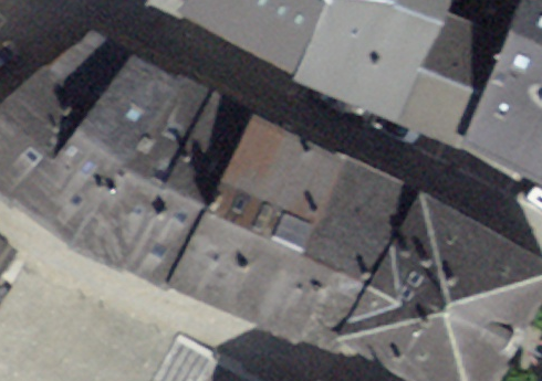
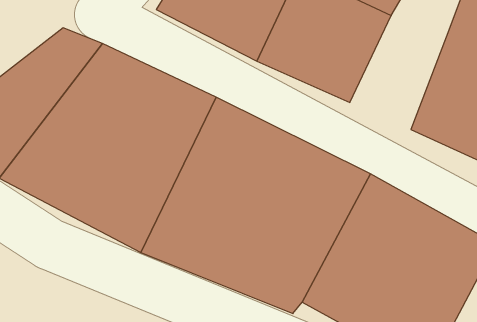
building: [394,22,497,144] -> none

